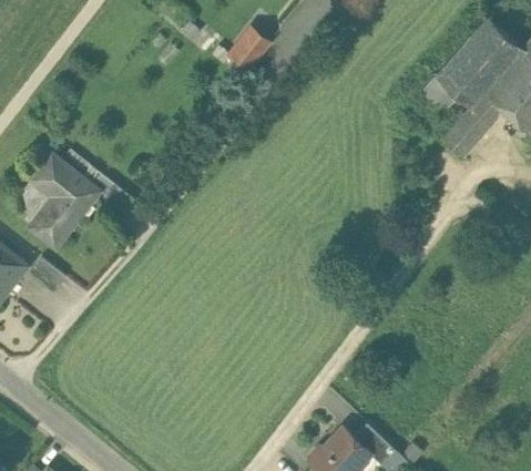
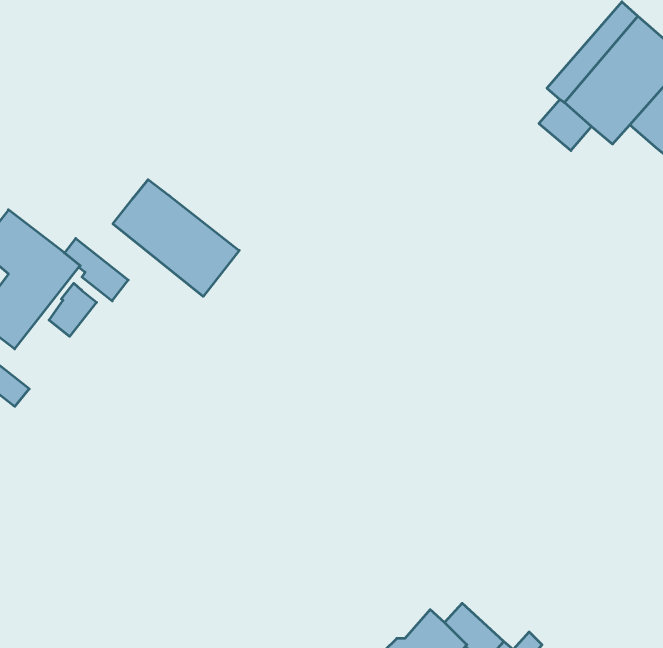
building: [226,25,270,74] -> none
building: [443,94,502,157] -> none
building: none -> [113,180,239,296]
building: none -> [49,283,97,336]

